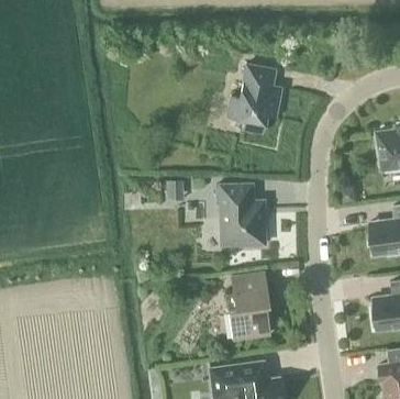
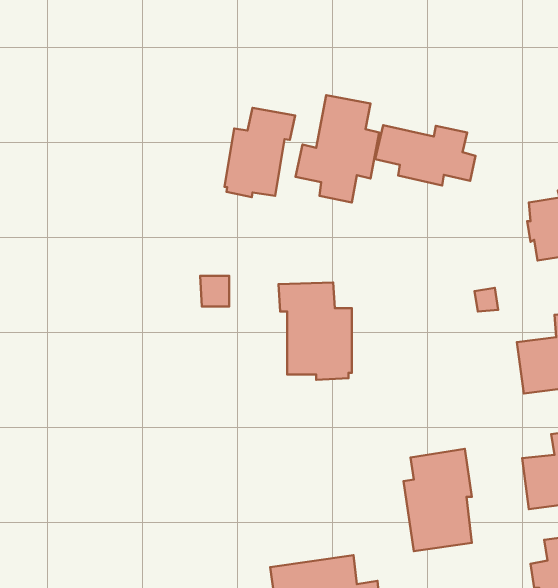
building: none -> [225,108,295,197]
building: none -> [375,125,475,186]
building: [225,273,269,339] -> [404,449,472,551]

